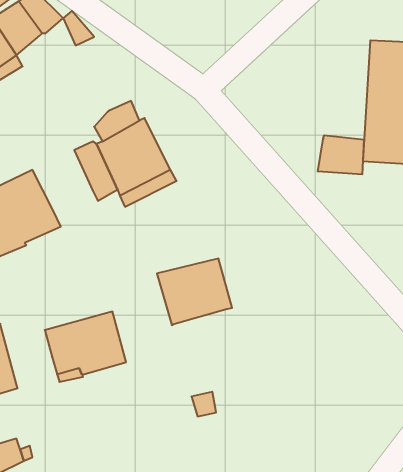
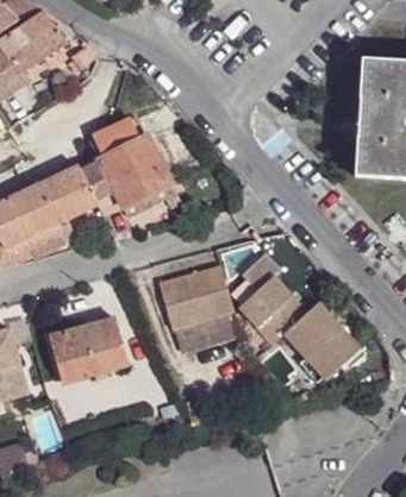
building: [318,135,364,174] -> none
building: none -> [37,163,95,221]
building: none -> [235,256,354,384]
building: none -> [174,316,230,354]

